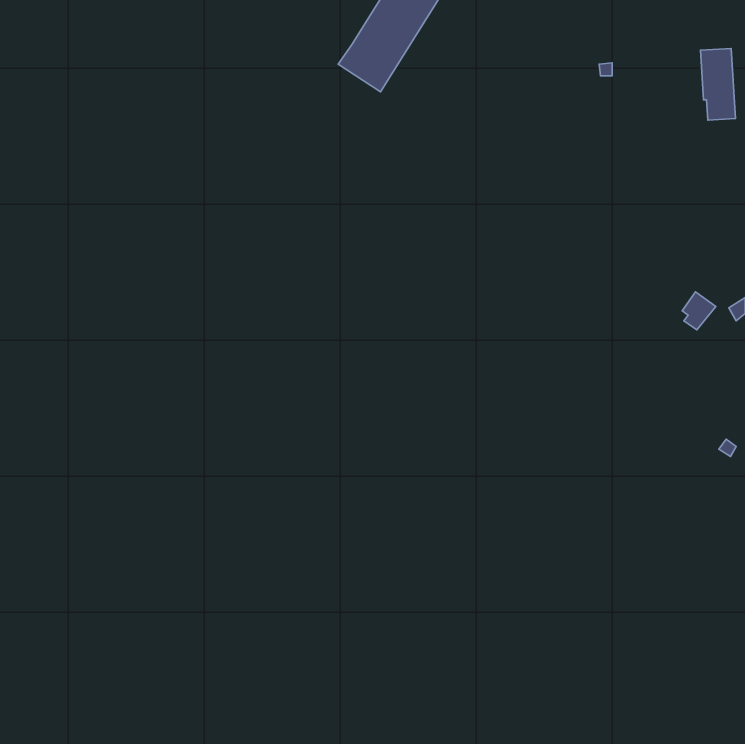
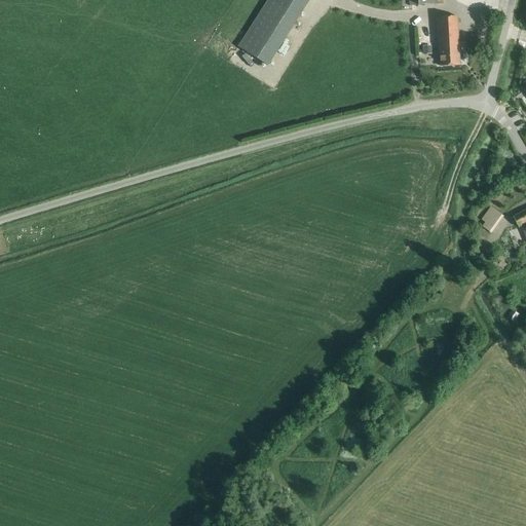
building: [701,49,736,120] -> [436,15,460,66]

